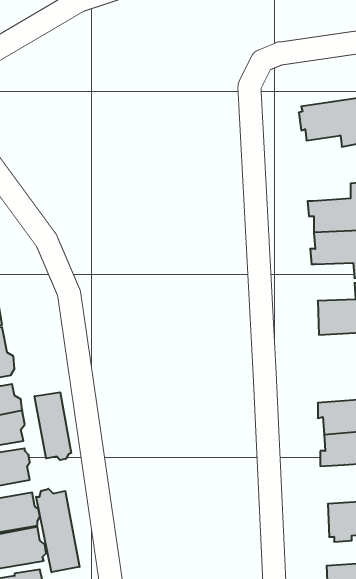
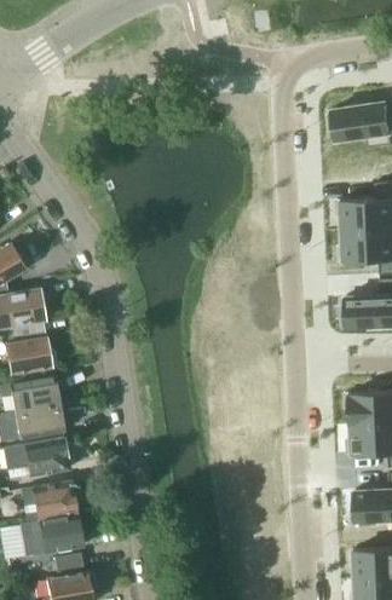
building: [35,392,71,460] -> none
building: [36,489,80,572] -> none

